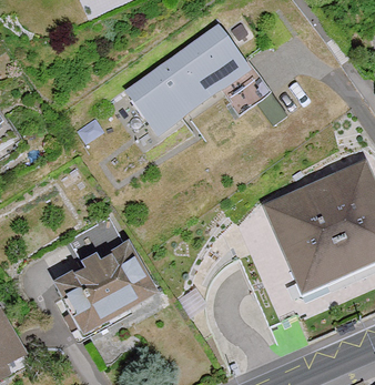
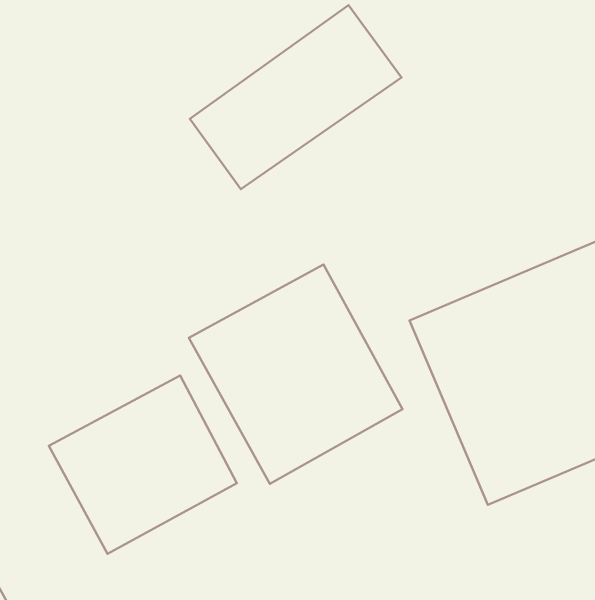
building: none -> [189,265,403,484]

